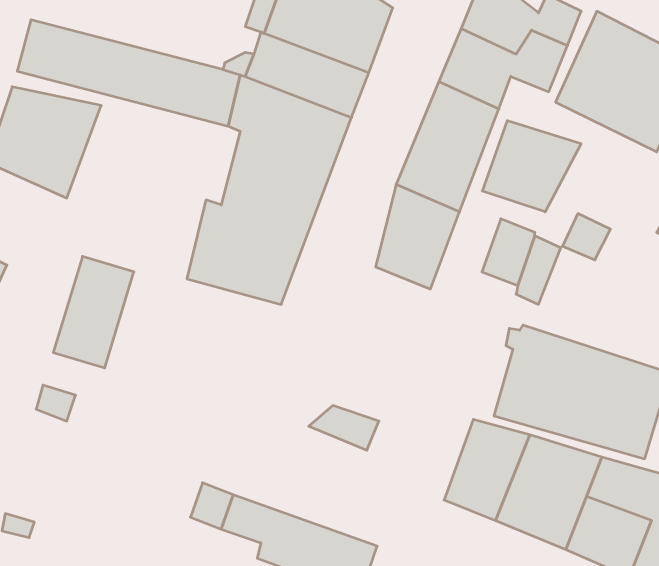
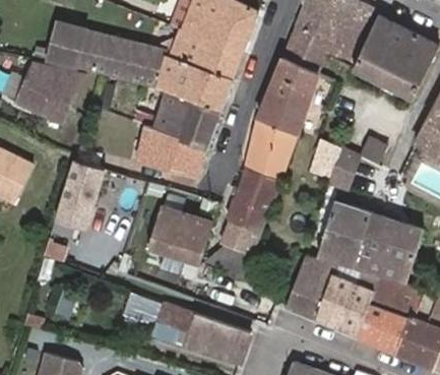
building: [482,121,581,212] -> none
building: none -> [221,168,278,255]
building: none -> [146,211,211,267]

